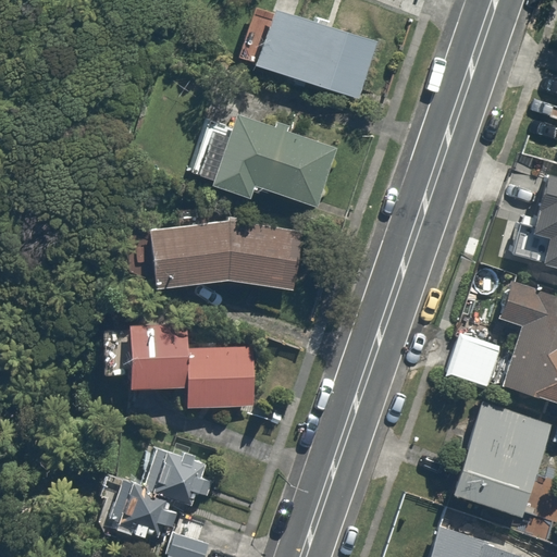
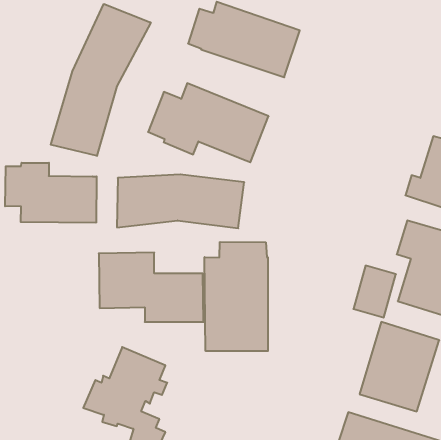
building: none -> [51,4,151,156]
building: none -> [5,163,97,223]
building: none -> [205,242,268,351]

